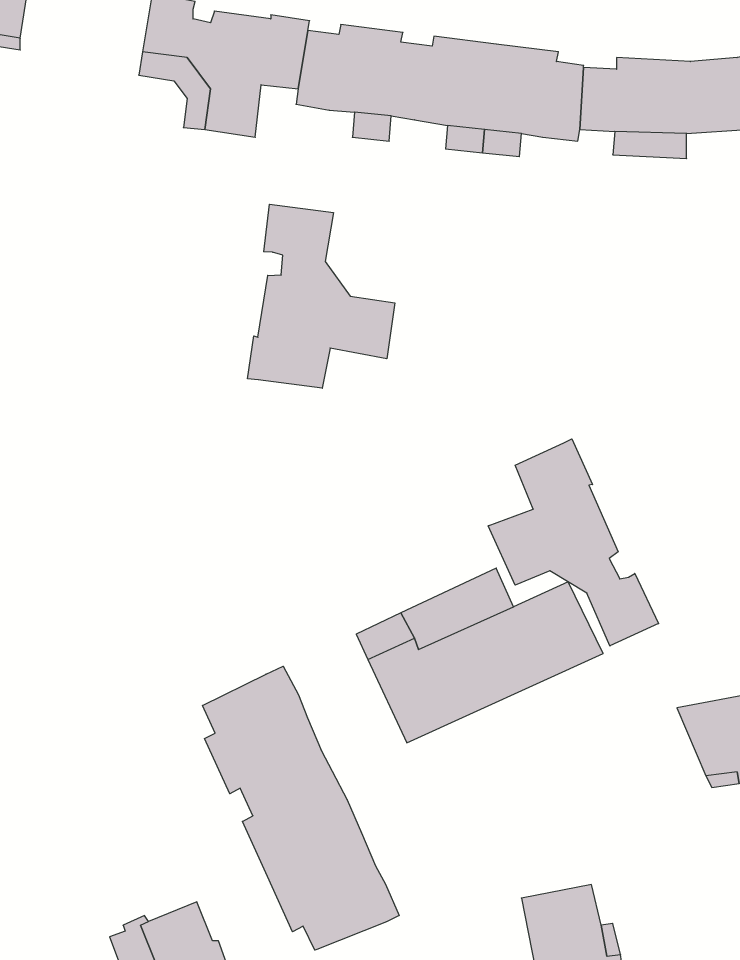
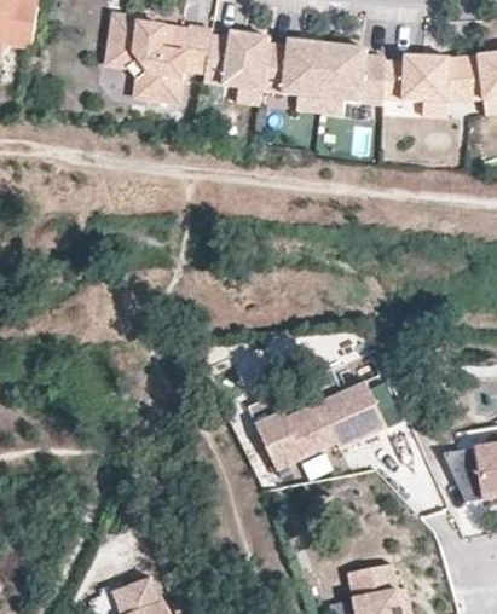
building: [248,204,395,388] -> none
building: [488,439,659,646] -> none
building: [203,666,399,950] -> none

